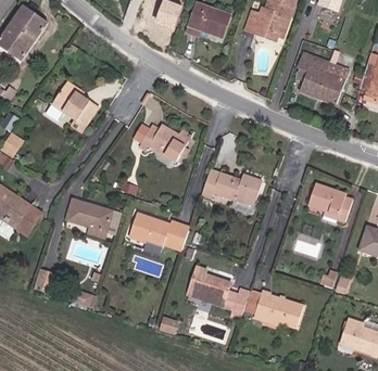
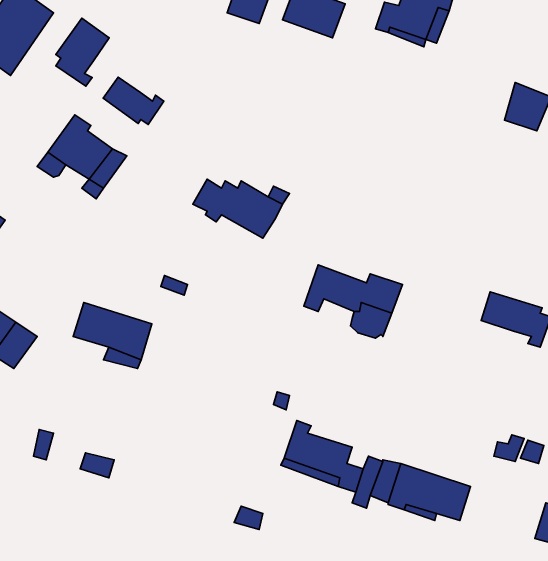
building: none -> [56,18,109,86]
building: [297,50,343,105] -> none
building: none -> [103,77,164,124]
building: [123,213,182,252] -> none

